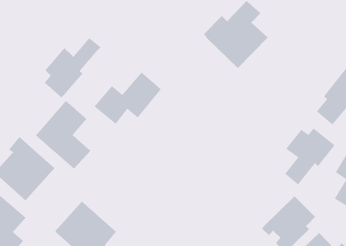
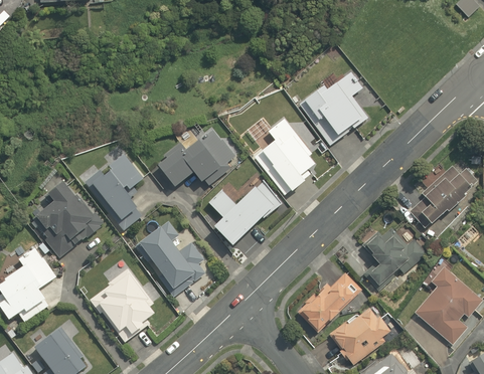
building: [44,37,101,98] -> none
building: none -> [252,120,319,194]
building: none -> [209,181,282,244]
building: none -> [136,221,205,296]
building: none -> [296,270,361,331]

